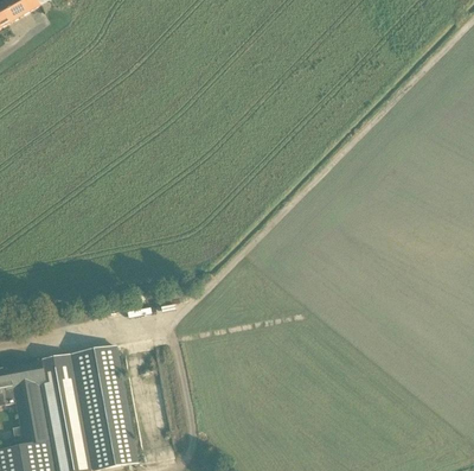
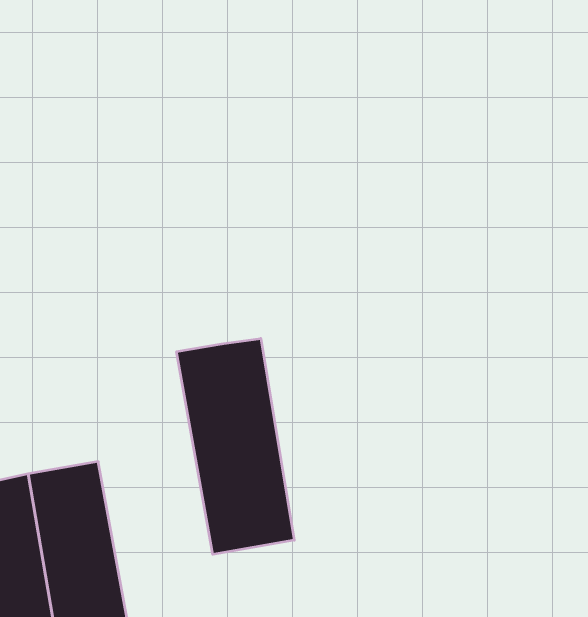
building: none -> [177,338,294,554]

